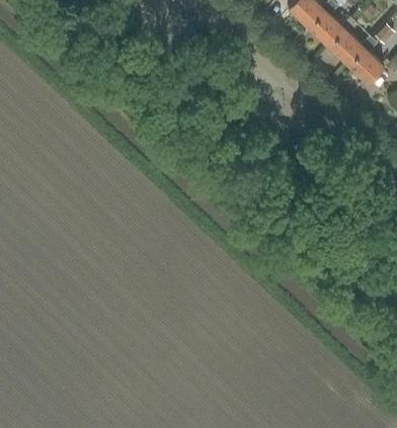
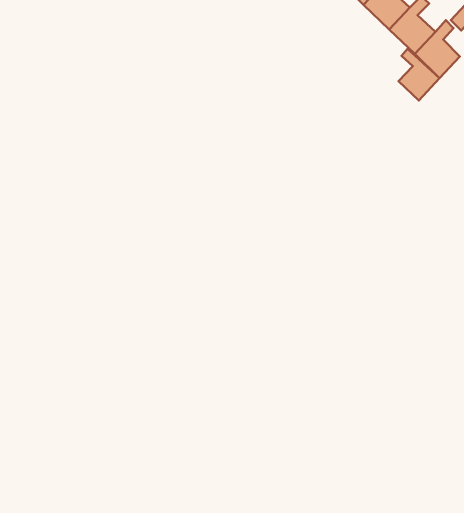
building: none -> [398,49,439,100]

